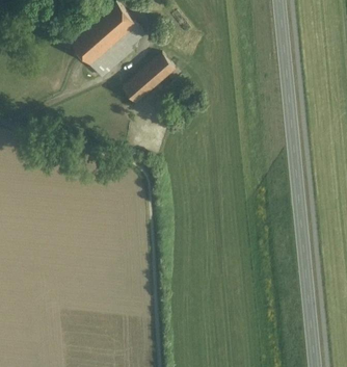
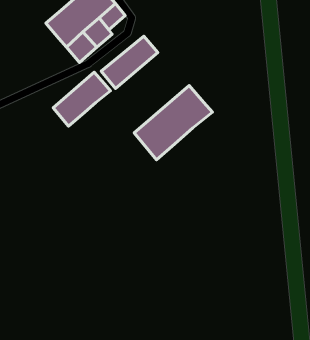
building: none -> [53,72,110,126]
building: none -> [134,85,212,160]

